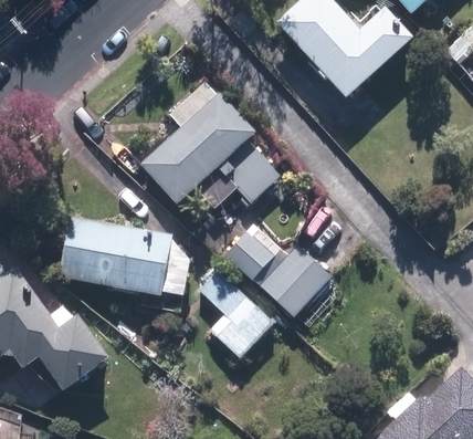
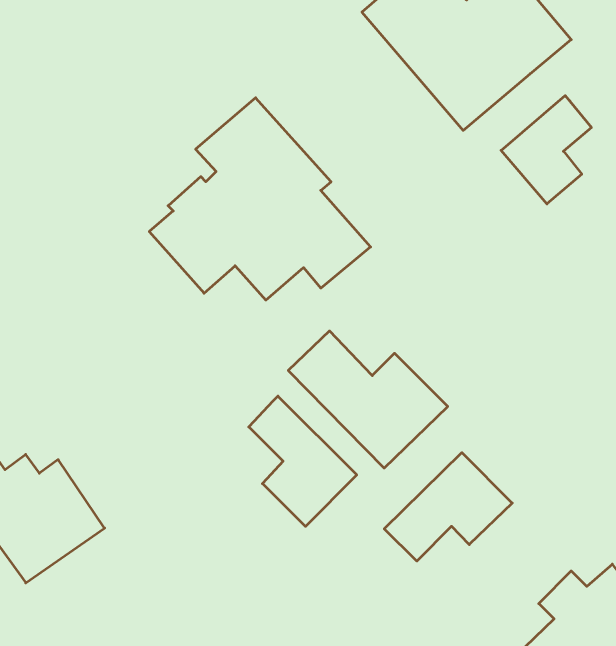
building: none -> [501,96,591,204]
building: [55,219,189,297] -> none
building: none -> [384,453,512,561]

